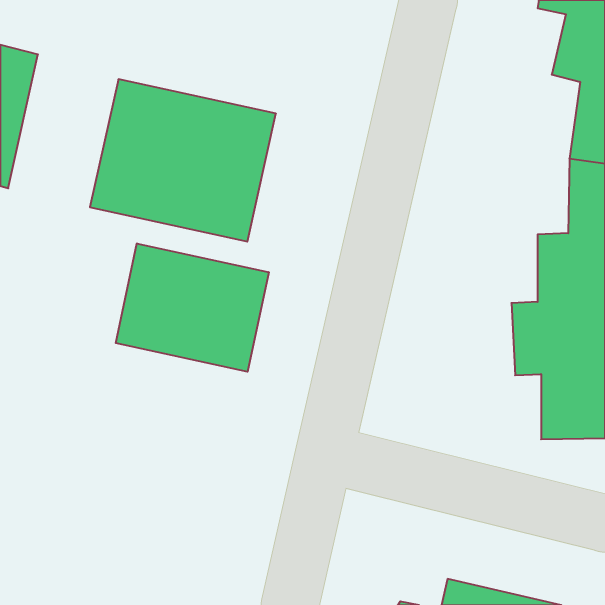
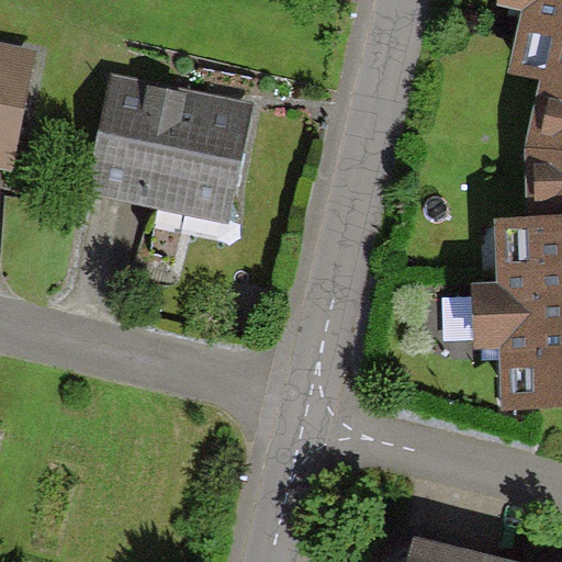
building: [116,243,269,372] -> none

